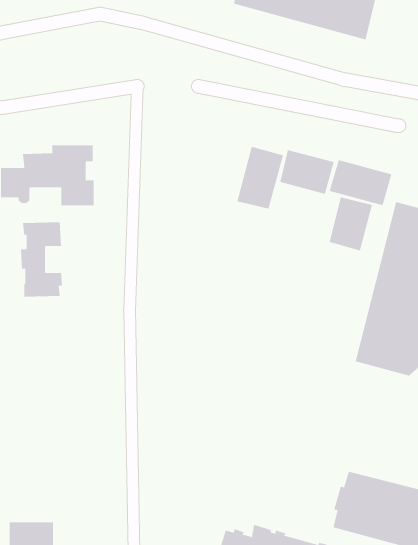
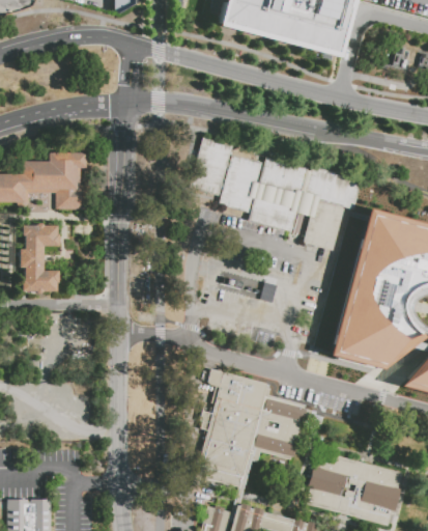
building: none -> [191,138,234,196]
building: none -> [250,197,298,232]
building: none -> [197,369,309,490]

